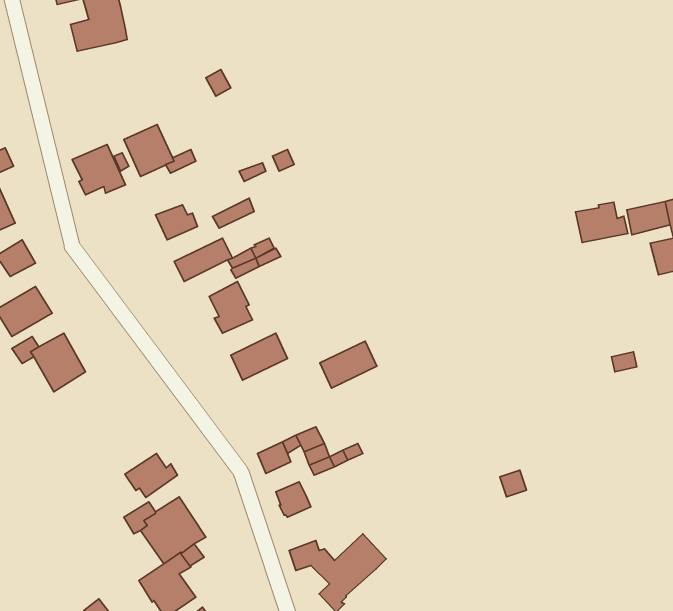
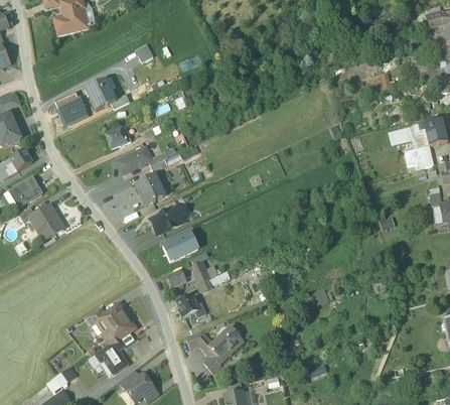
building: [576,202,628,243] -> none
building: [320,341,377,388] -> [163,232,197,260]
building: [125,453,177,498] -> none

